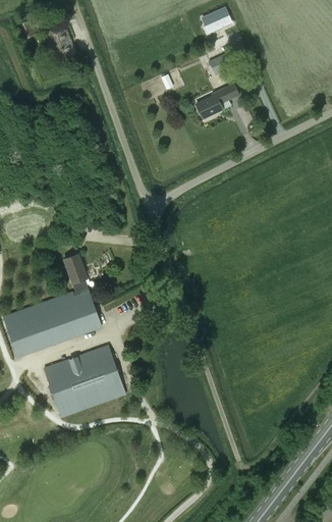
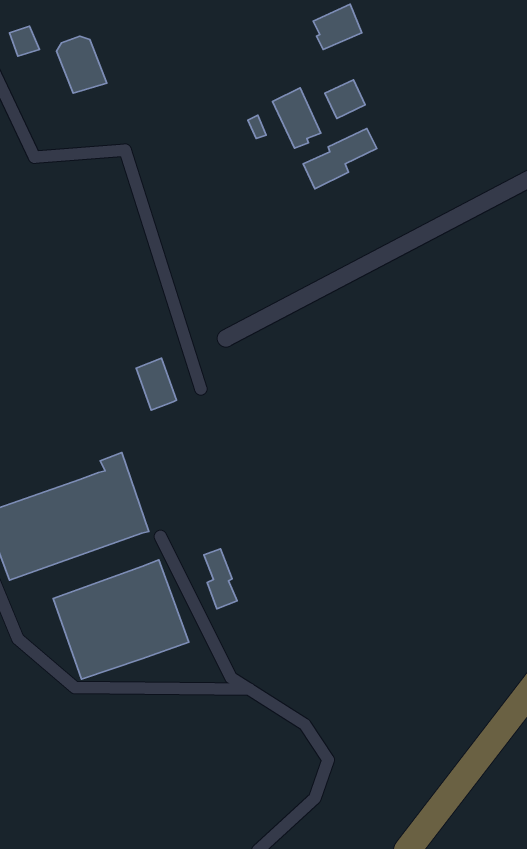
building: none -> [273,88,321,148]
building: [62,253,87,284] -> [136,358,176,410]
building: none -> [204,549,237,609]

